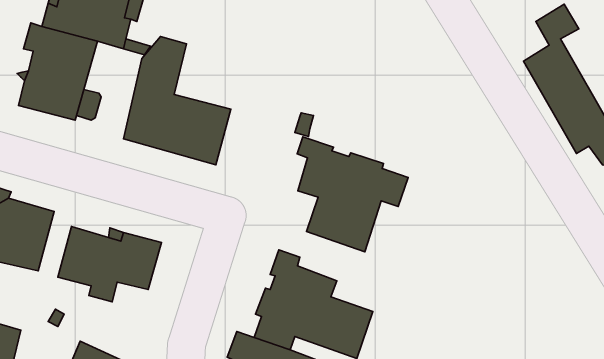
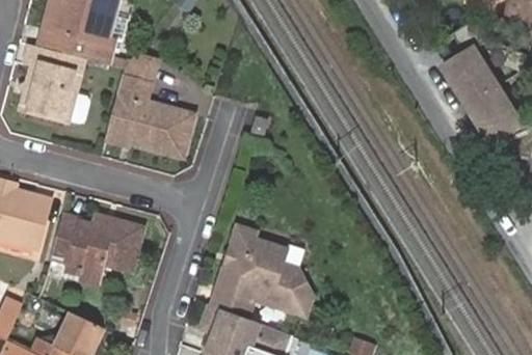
building: [297,137,408,252] -> none

